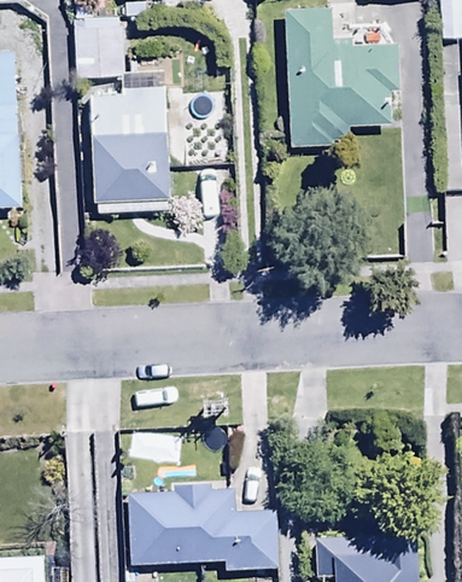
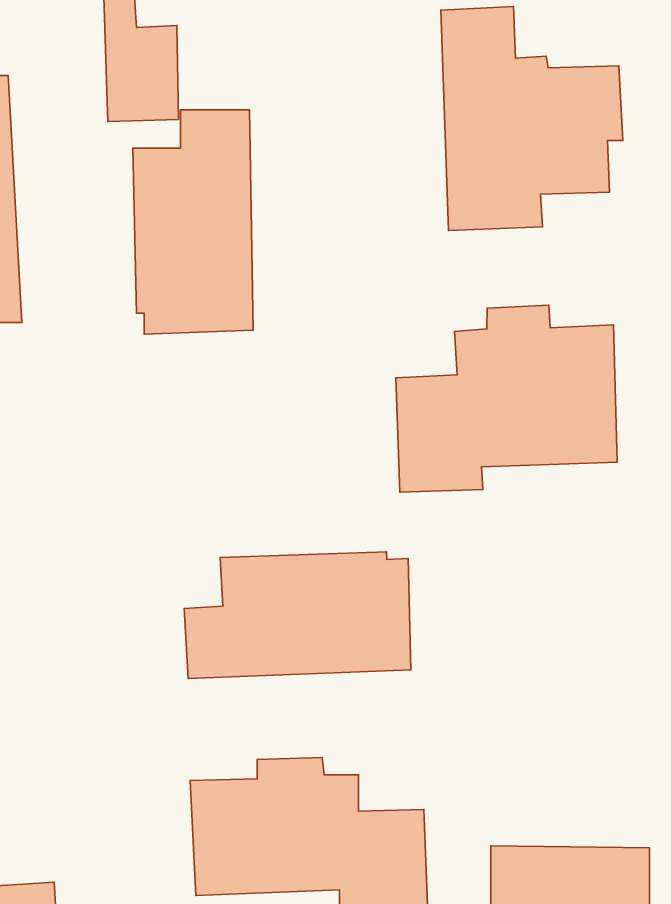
building: none -> [396,305,617,492]
building: none -> [184,552,411,679]

